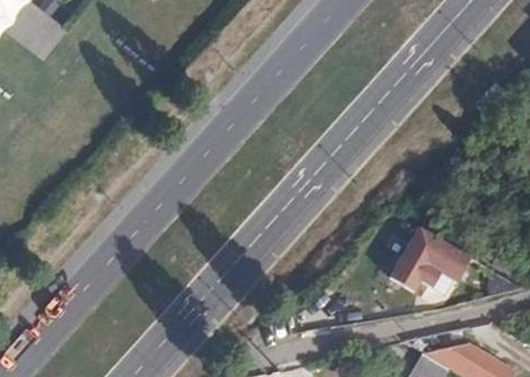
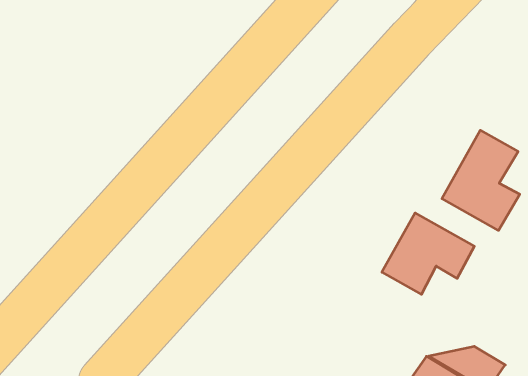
building: none -> [442,130,520,230]

